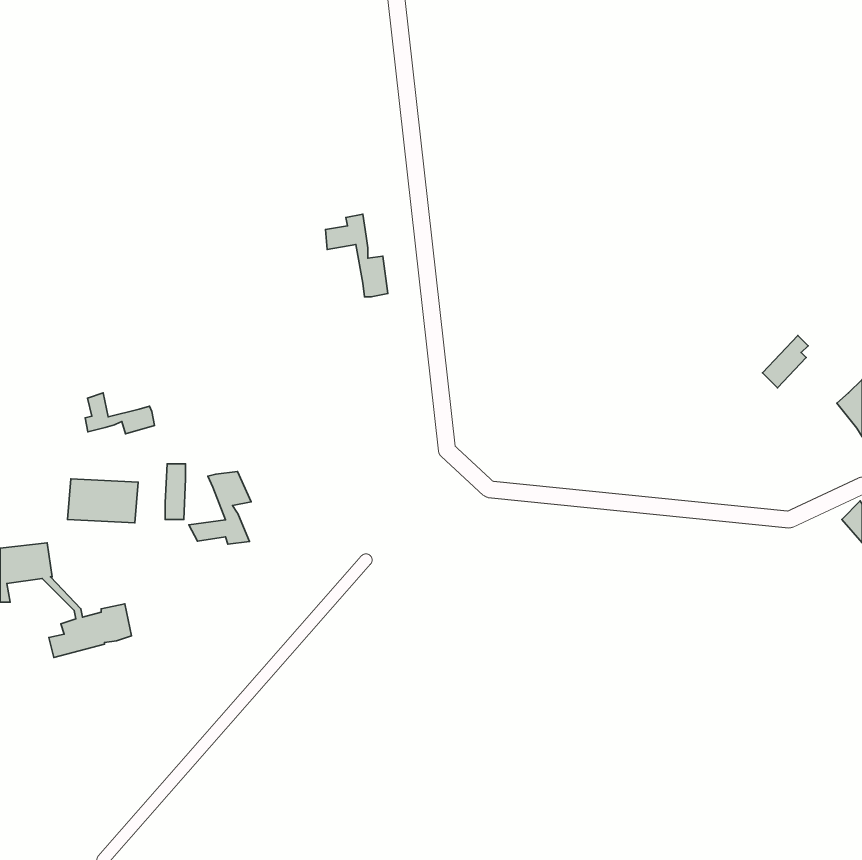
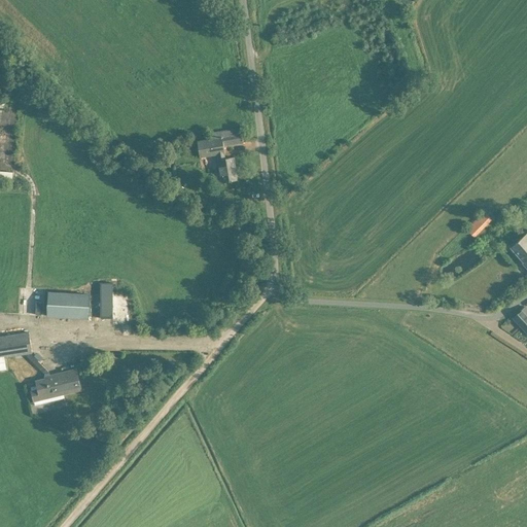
building: [85,393,154,434] -> none
building: [189,471,251,544] -> none

